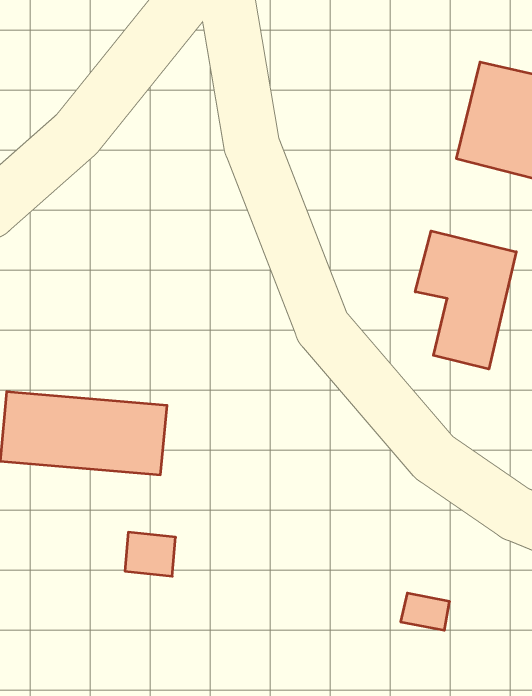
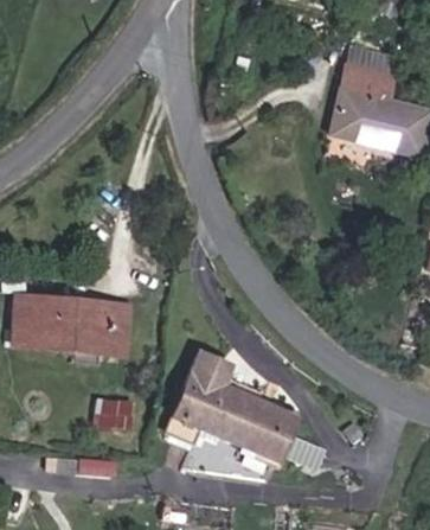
building: [415,231,516,369] -> none
building: none -> [169,351,294,459]

